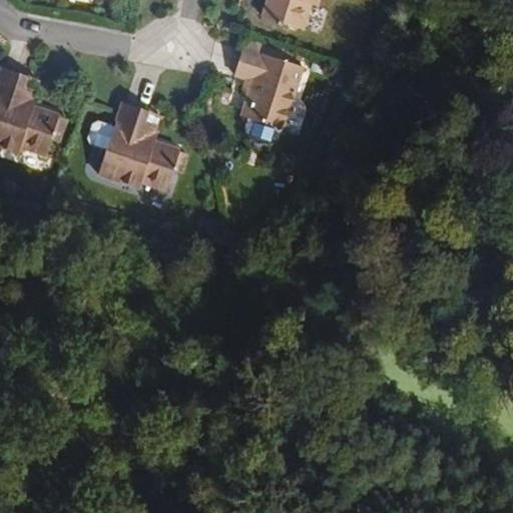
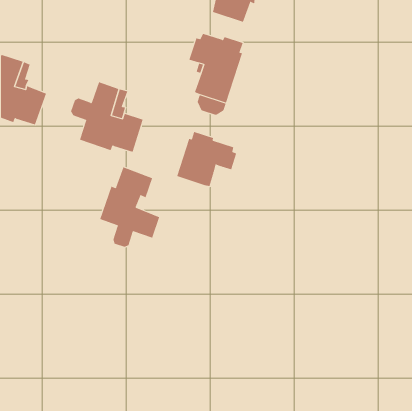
building: none -> [177,131,237,187]
building: none -> [100,167,160,248]

